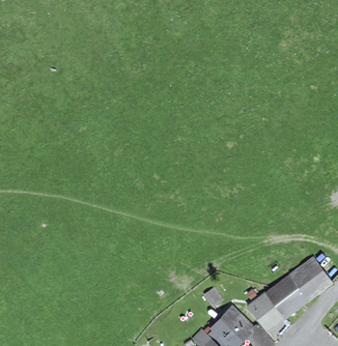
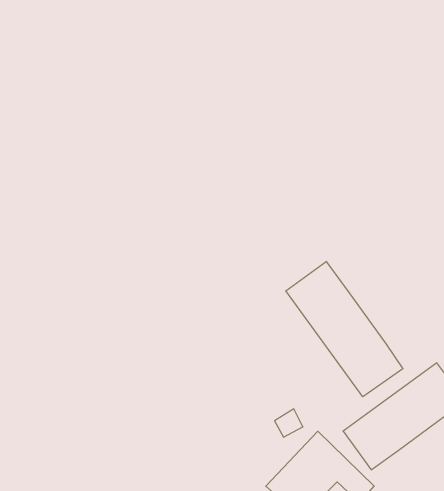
building: none -> [286,261,403,397]

